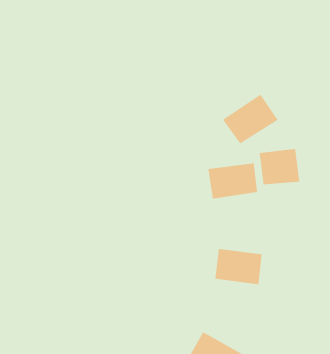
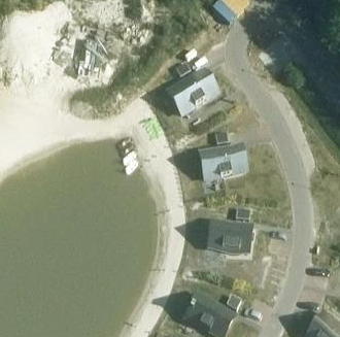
building: [222,94,279,144] -> [167,71,216,115]
building: [259,148,300,185] -> none

